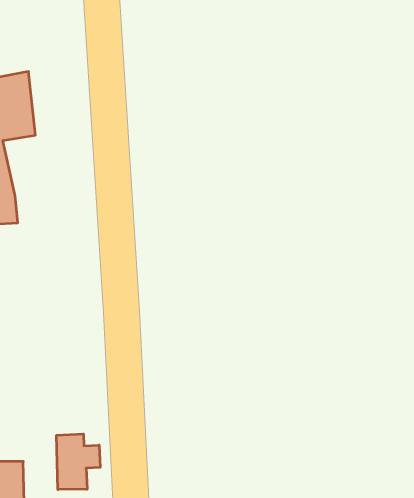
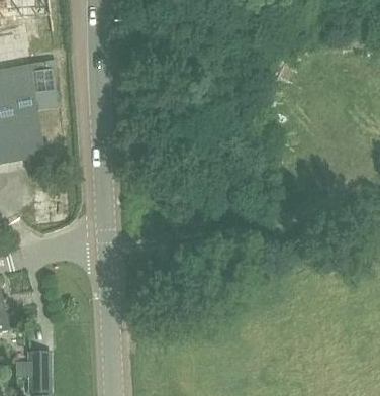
building: [57,434,100,490] -> none

